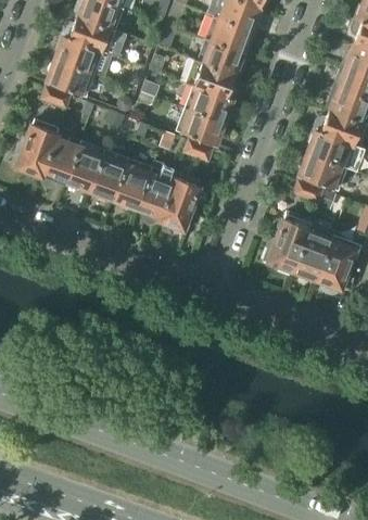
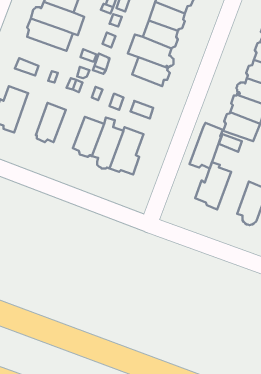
building: [47,60,92,96] -> none
building: [177,106,225,144] -> none
building: [39,132,80,187] -> none
building: [88,150,127,200] -> none
building: [291,223,332,279] -> [190,123,223,168]

